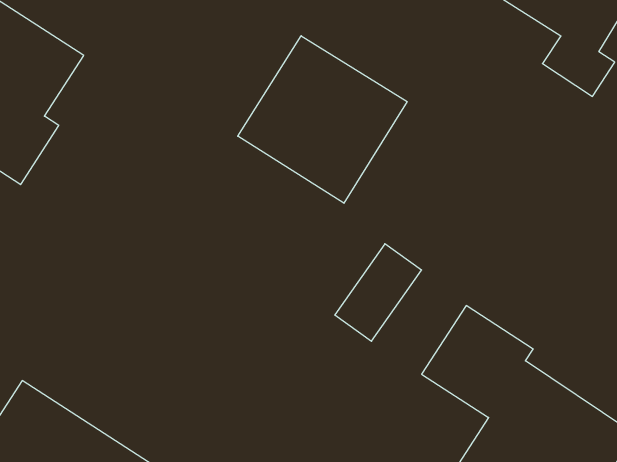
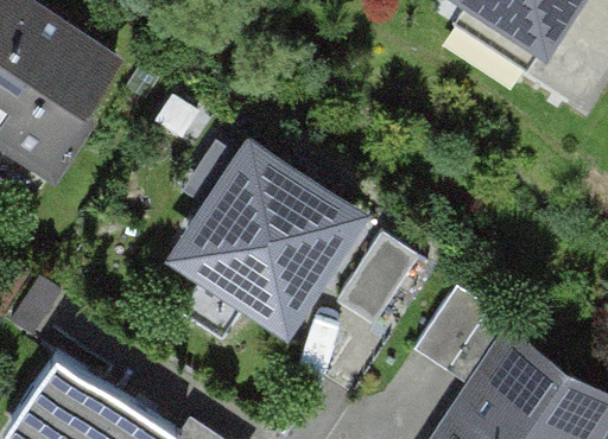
building: [238,36,407,203] -> none
building: none -> [179,152,352,337]

